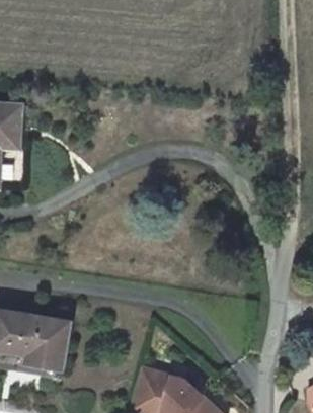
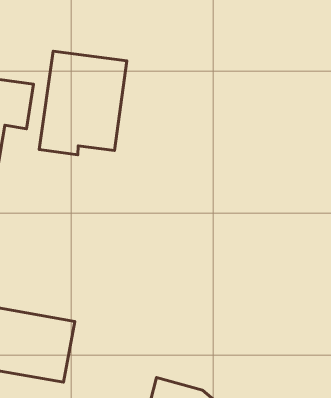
building: none -> [39,51,127,155]

